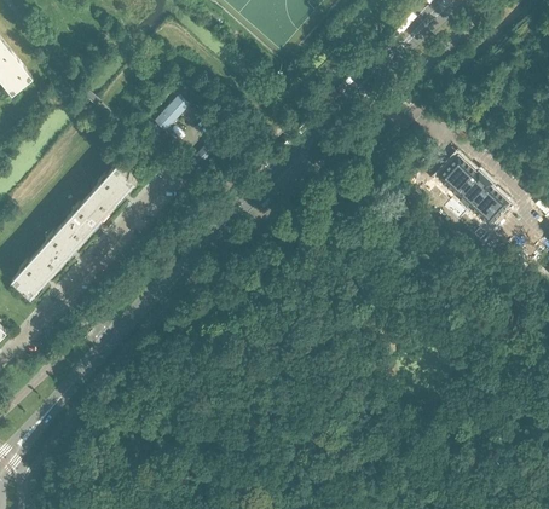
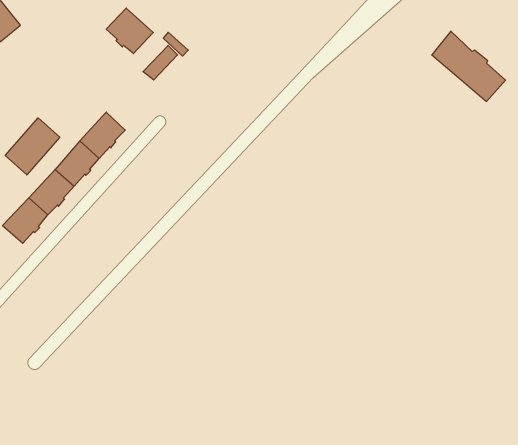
building: none -> [106,8,153,54]
building: [441,157,516,229] -> [432,31,506,101]
building: none -> [5,118,60,175]

